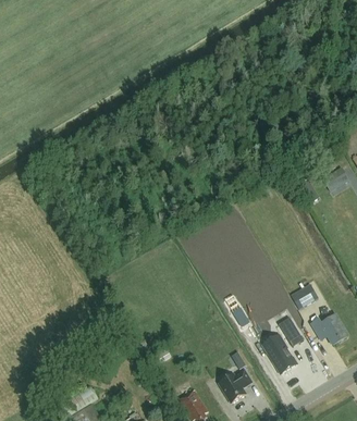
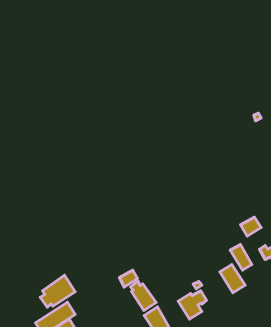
building: none -> [40,275,75,307]
building: none -> [130,281,156,311]

